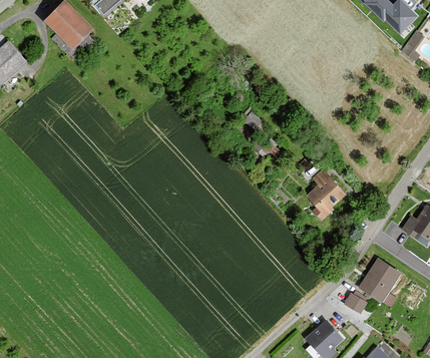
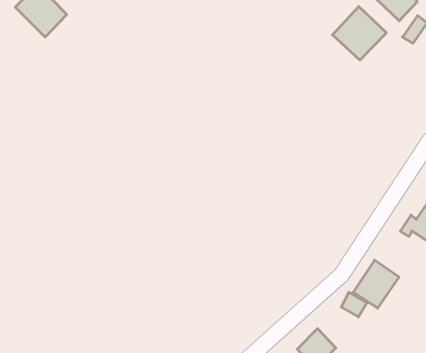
building: none -> [332,6,386,60]
building: [306,169,347,222] -> none

